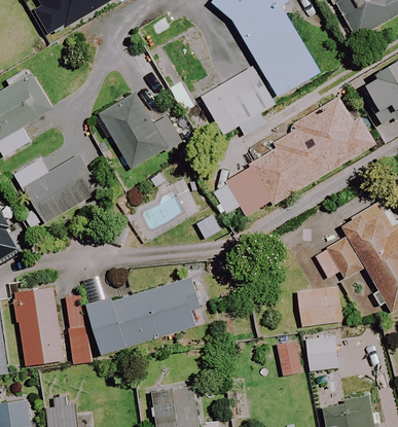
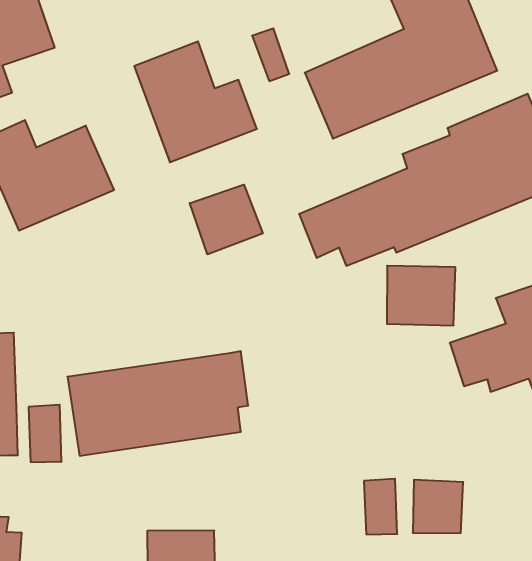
building: none -> [190,185,263,254]
building: [296,285,341,325] -> [387,266,455,325]

